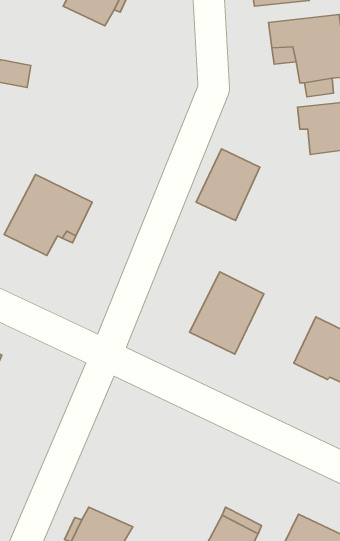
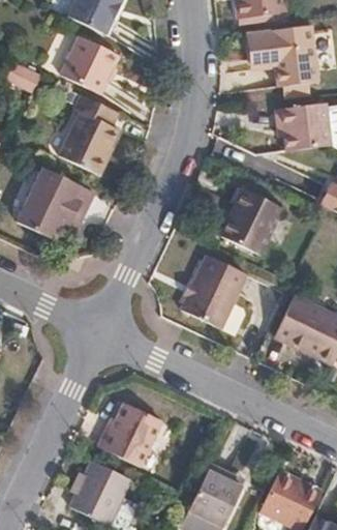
building: none -> [62,36,120,93]
building: none -> [58,93,118,172]
building: [196,149,260,221] -> [222,185,279,249]
building: none -> [101,395,165,459]

